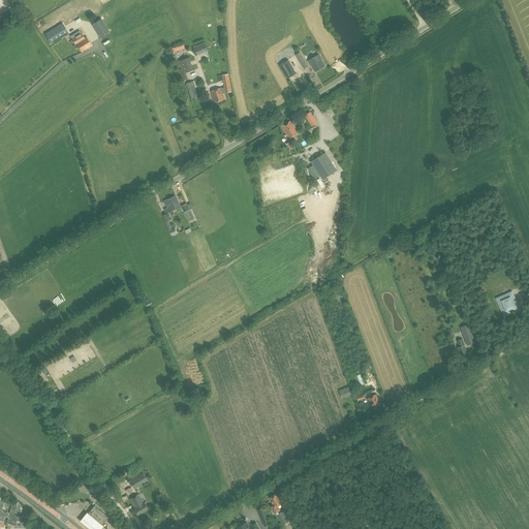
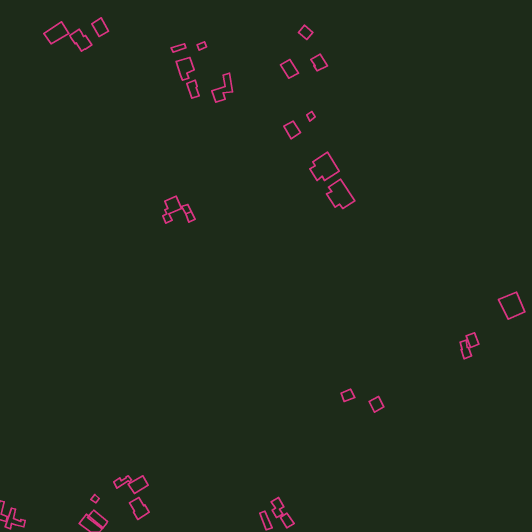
building: none -> [327,179,355,209]

